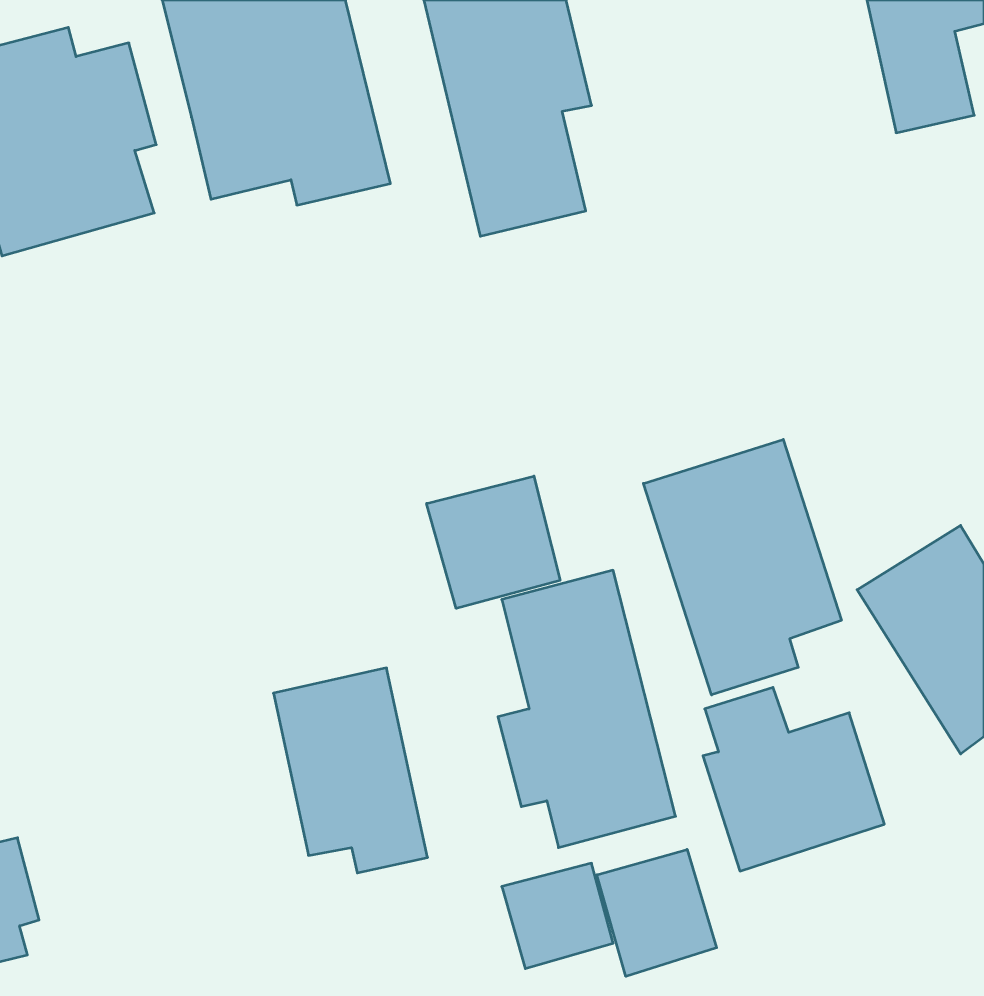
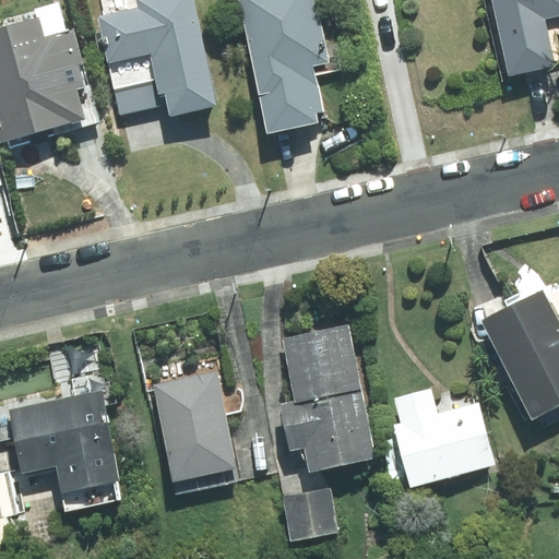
building: [643,439,841,695] -> none
building: [427,476,560,608] -> none
building: none -> [8,389,123,496]
building: [597,849,717,976] -> none

